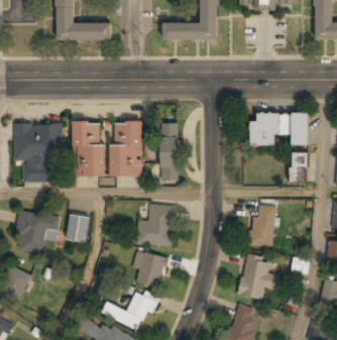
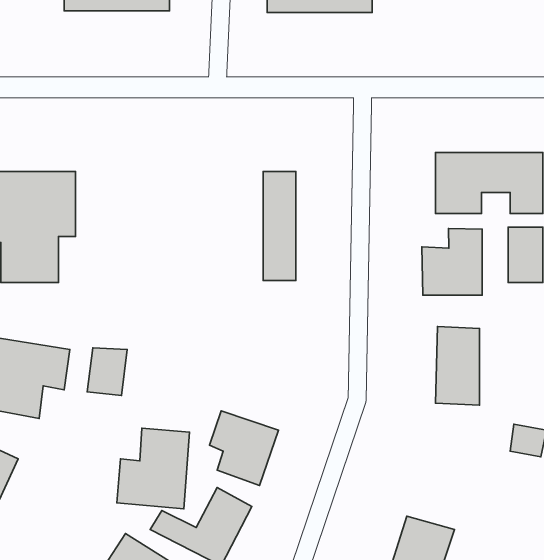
building: [72,121,141,178] -> none
building: none -> [422,229,482,295]
building: [136,204,175,246] -> [117,428,190,509]
building: [239,253,276,300] -> none

